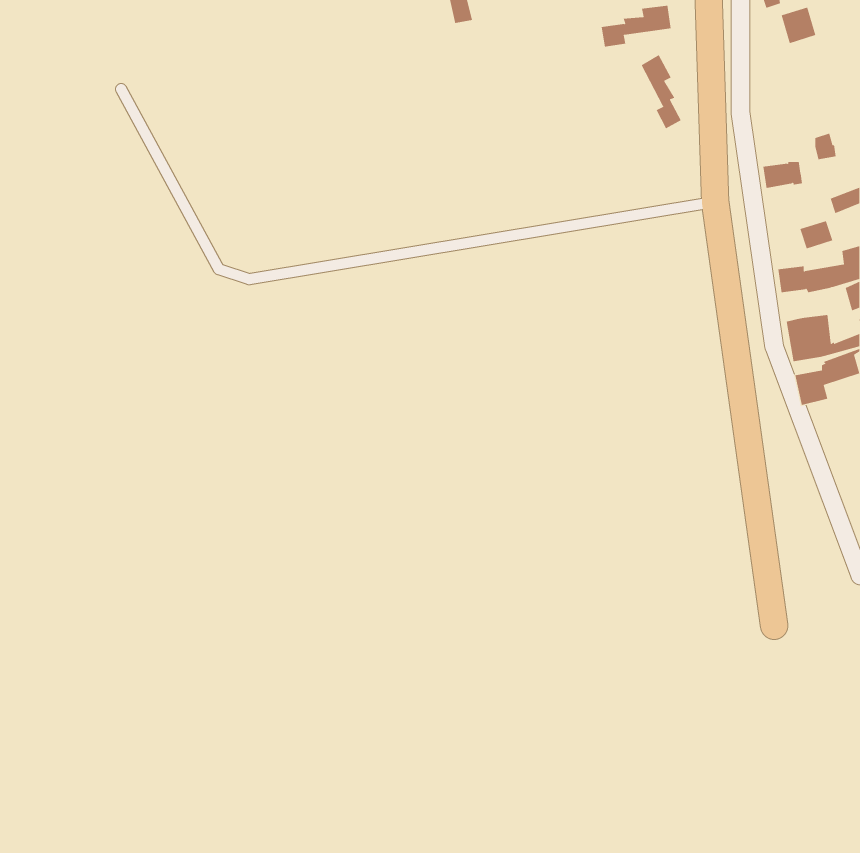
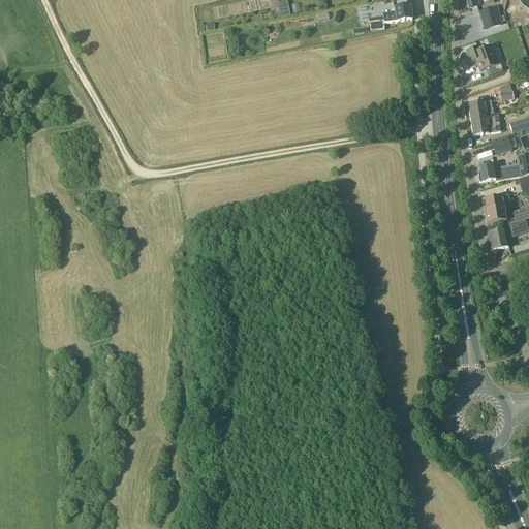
building: [641,54,681,129] -> none
building: none -> [466,43,498,69]
building: none -> [470,113,500,134]

